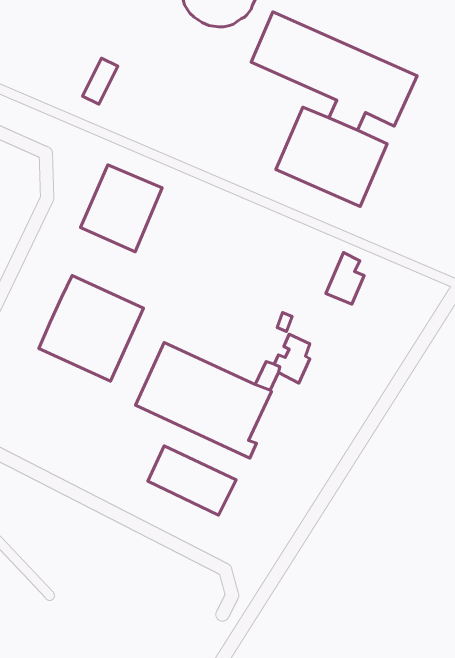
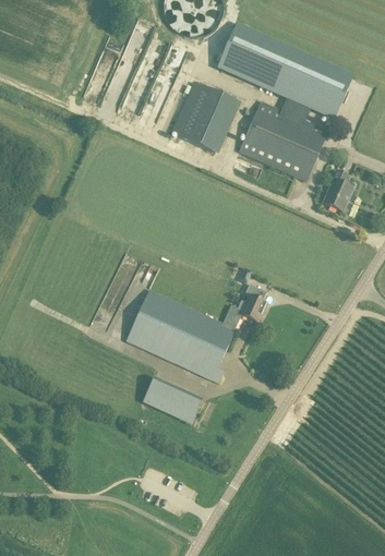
building: [81,165,162,252] -> [171,82,237,152]
building: [326,253,364,304] -> [323,169,353,210]
building: [39,276,144,381] -> none

